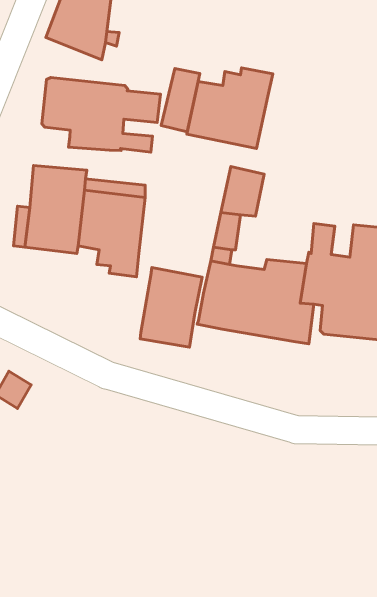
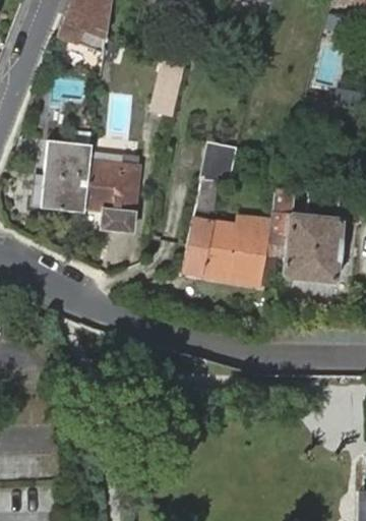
building: [187,68,273,148] -> none
building: [42,77,160,152] -> none
building: [140,268,202,347] -> none

